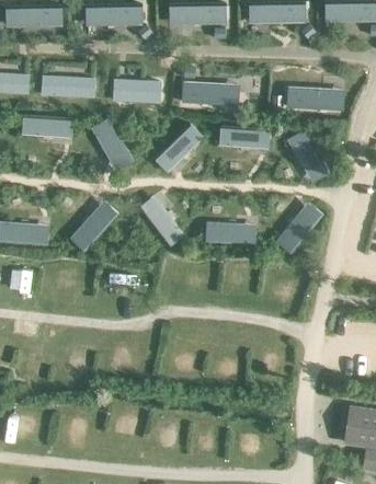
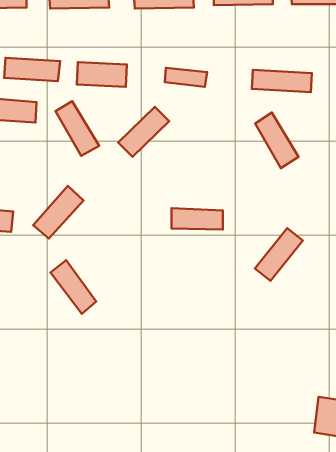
building: [218,125,270,148] -> none
building: [138,195,183,247] -> [51,260,96,314]
building: [275,203,322,254] -> [255,228,303,281]

